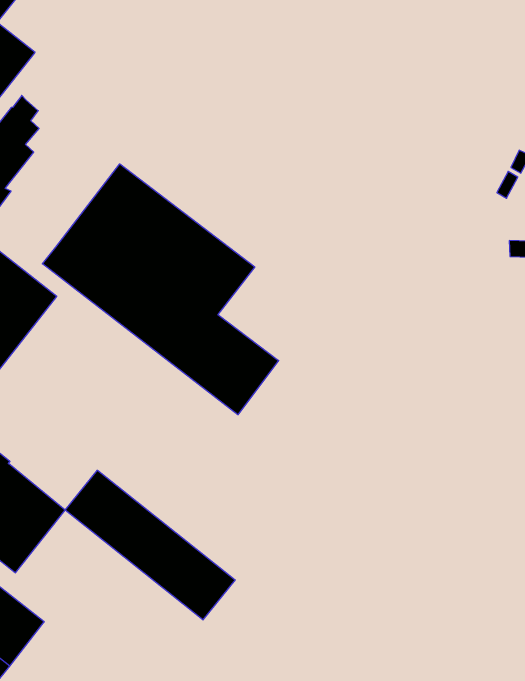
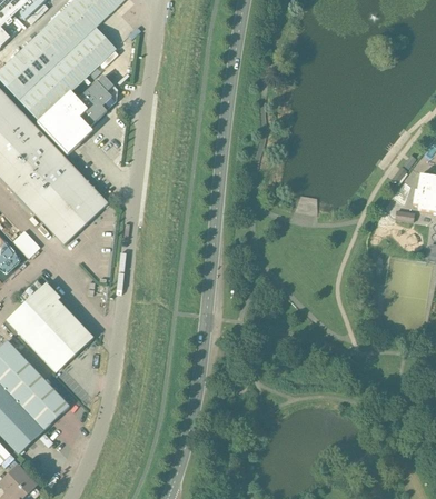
building: [42,164,279,415] -> none
building: [65,470,235,620] -> none

